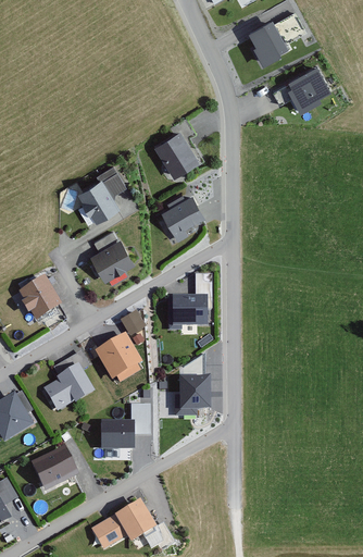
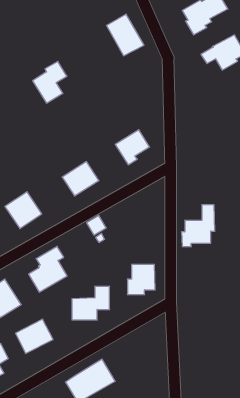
building: [150,122,200,177] -> [106,14,144,56]
building: [78,166,124,222] -> [33,61,67,103]
building: [168,272,213,327] -> [181,205,215,247]
building: [96,331,145,381] -> none

